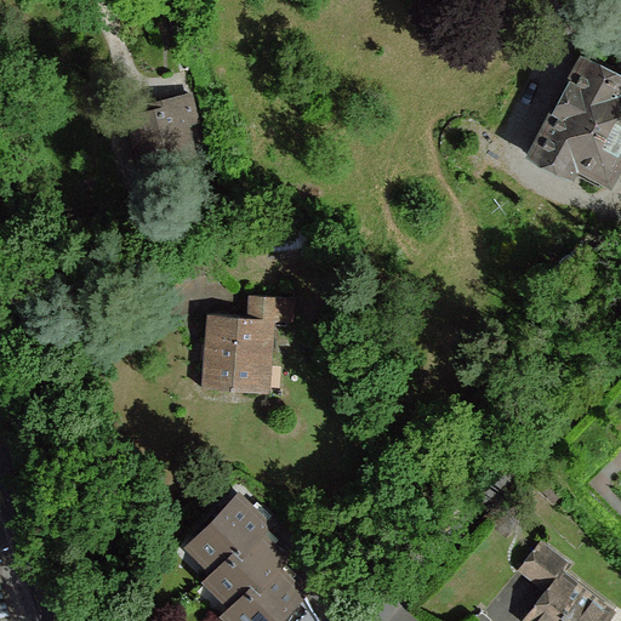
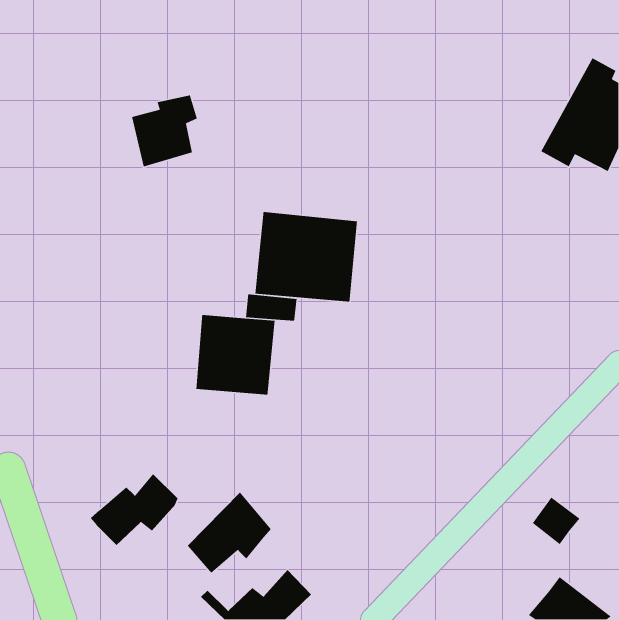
building: none -> [255,211,358,302]
building: [201,537,290,610] -> [90,473,178,546]
building: [520,542,569,591] -> [532,497,580,545]

